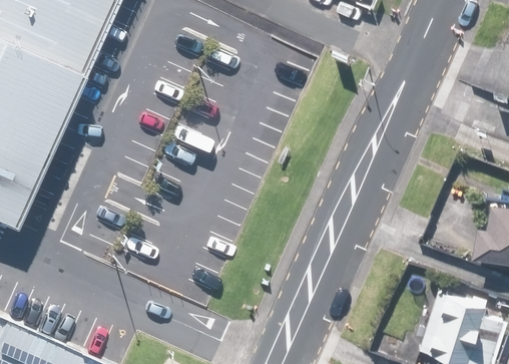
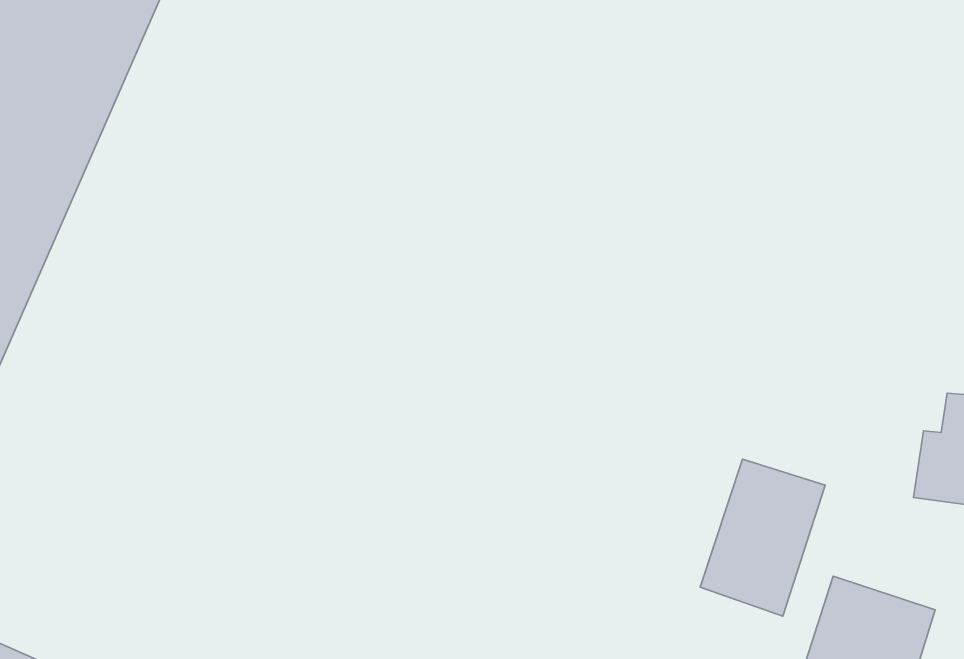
building: none -> [700,459,825,616]

